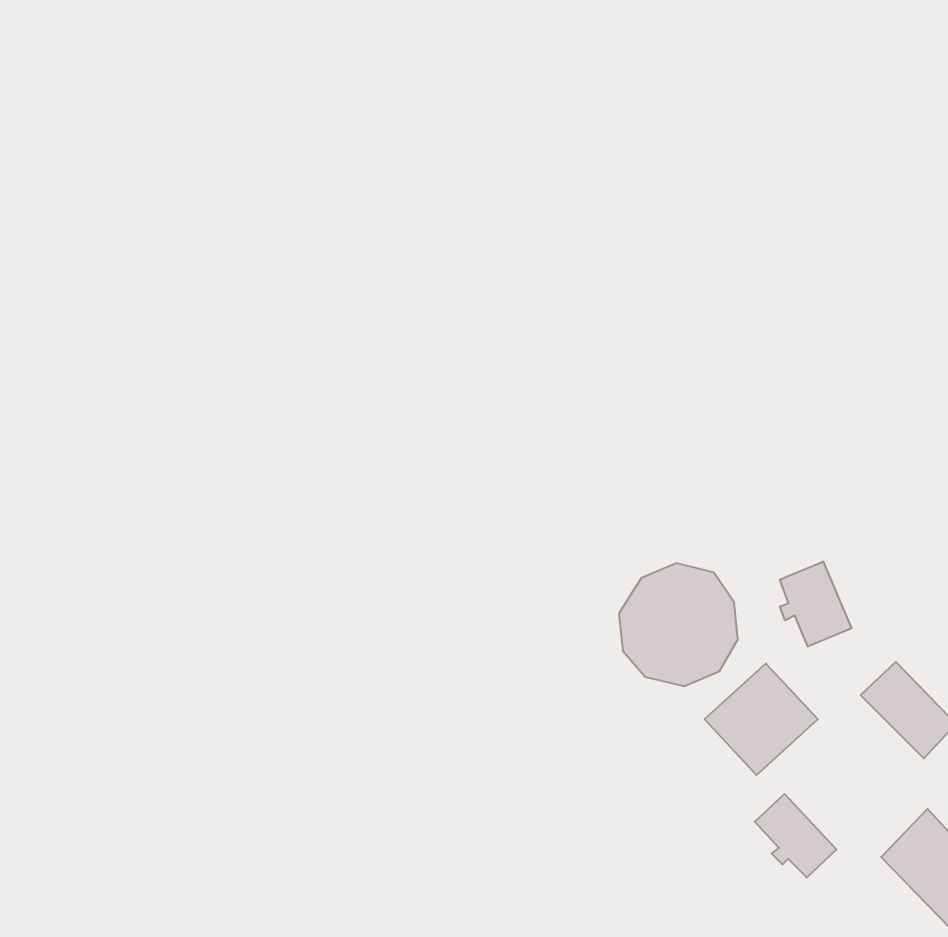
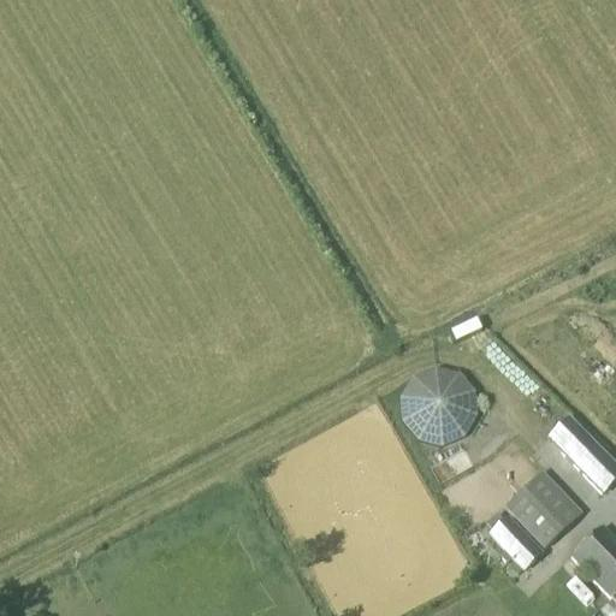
building: [780,561,851,647] -> none
building: [705,663,818,775] -> [505,473,579,545]

